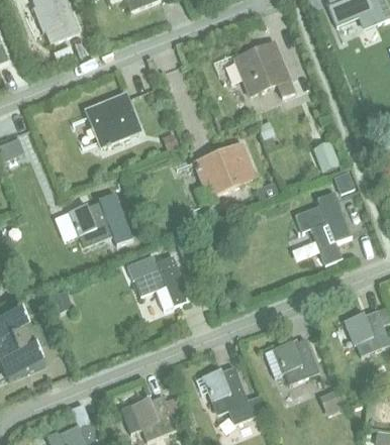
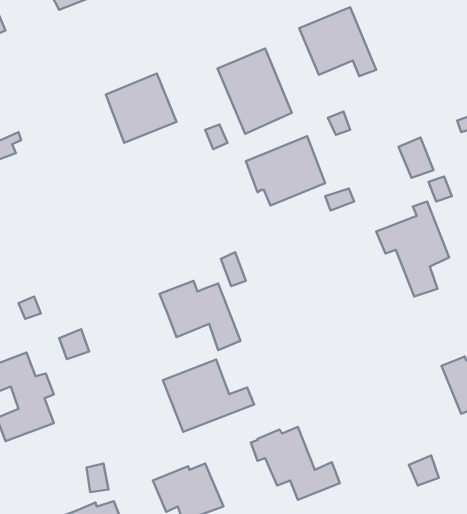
building: none -> [218,49,292,134]
building: [67,192,132,246] -> none
building: none -> [163,360,254,432]
building: [264,339,318,384] -> none

